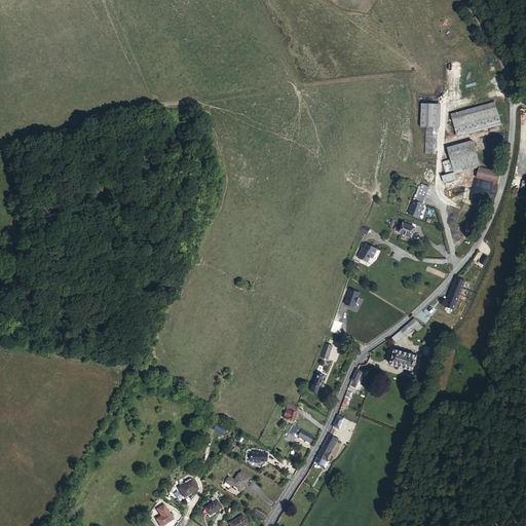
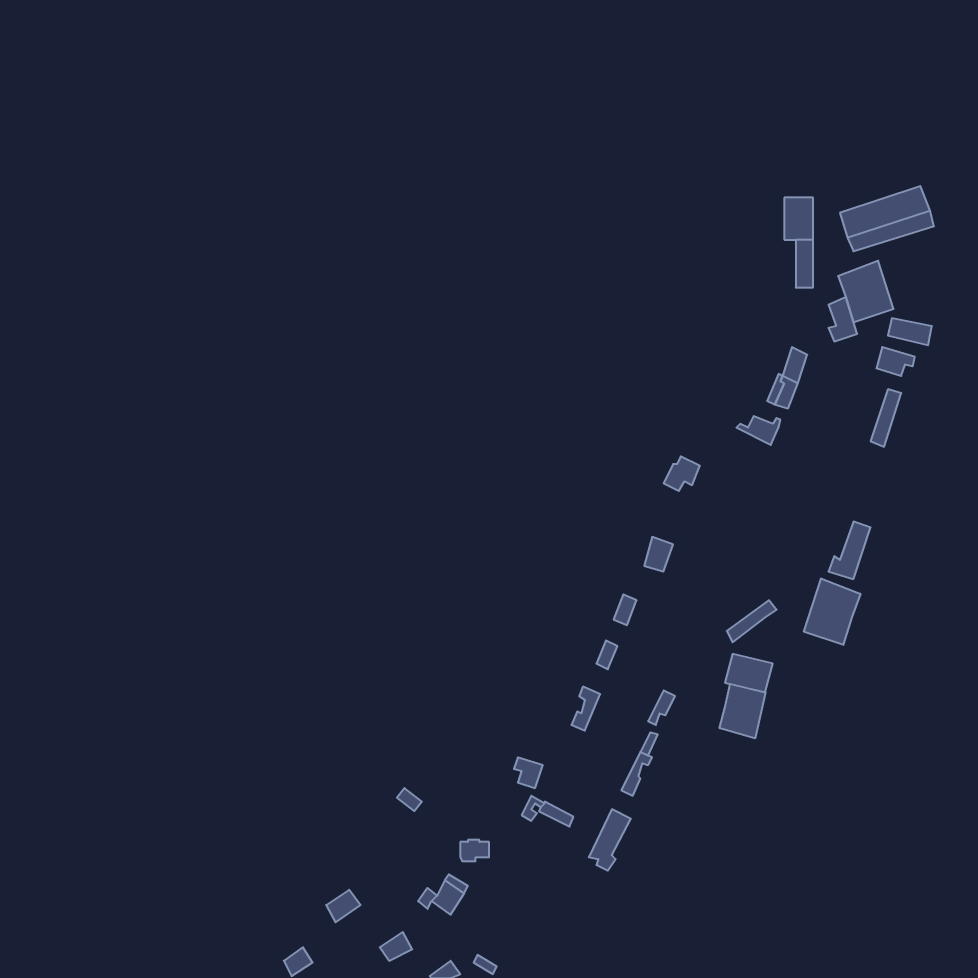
building: none -> [804,578,860,645]
building: none -> [720,684,766,738]

